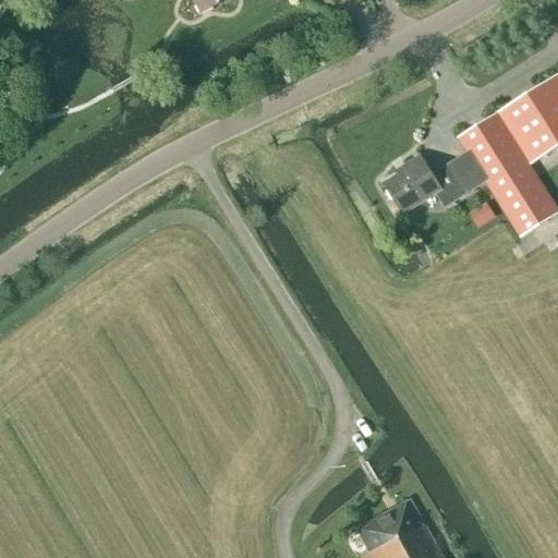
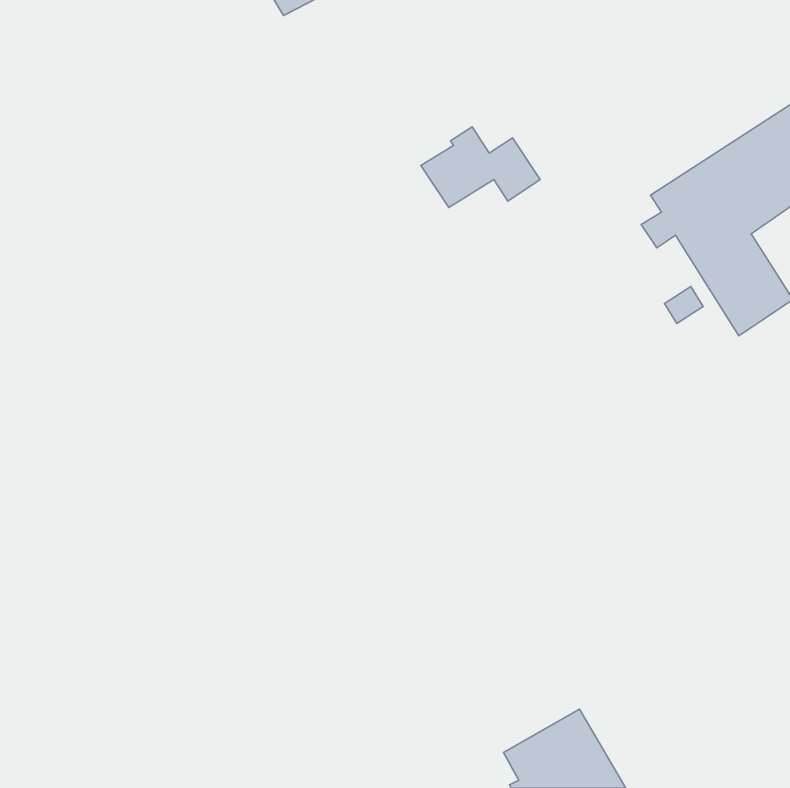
building: [385,156,469,213] -> [421,127,540,207]

